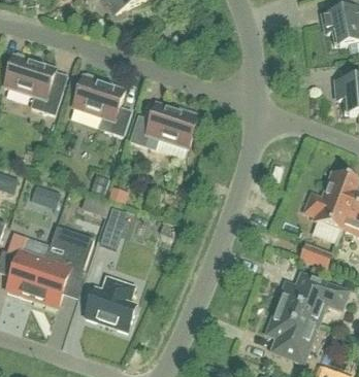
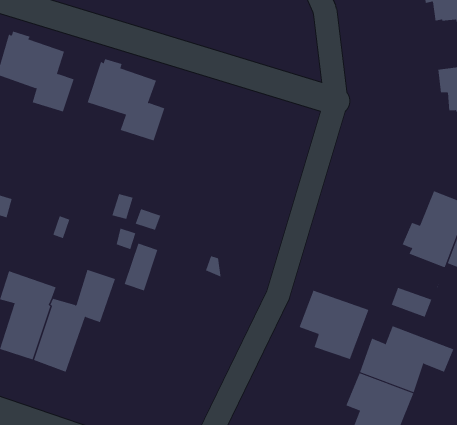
building: [130,102,198,148] -> none
building: none -> [299,290,369,360]
building: [85,277,135,332] -> none

